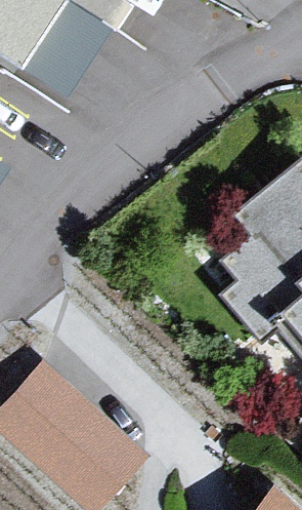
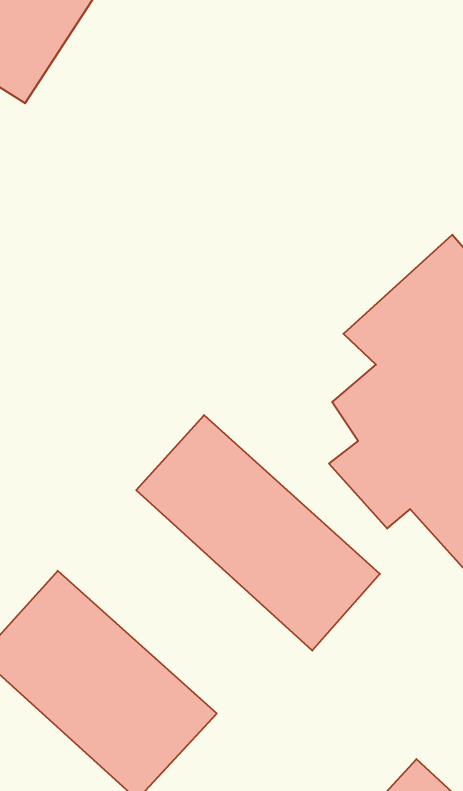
building: none -> [136,415,380,651]

